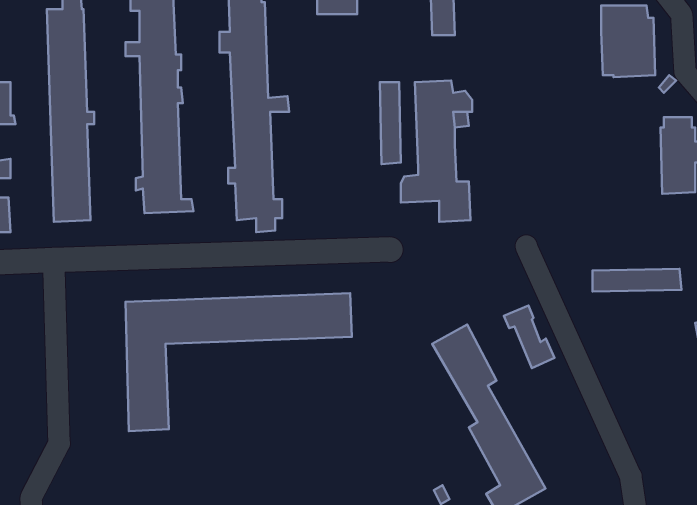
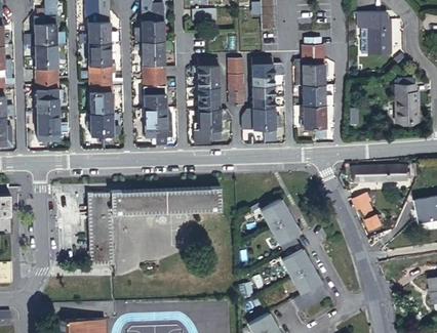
building: none -> [293,38,333,136]
building: none -> [194,59,233,144]
building: [504,306,554,368] -> [354,195,384,232]

